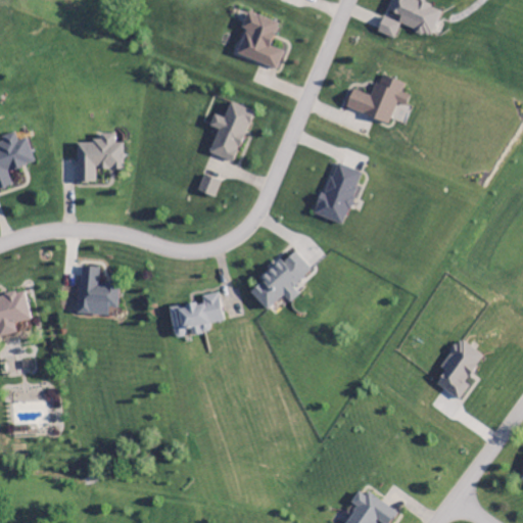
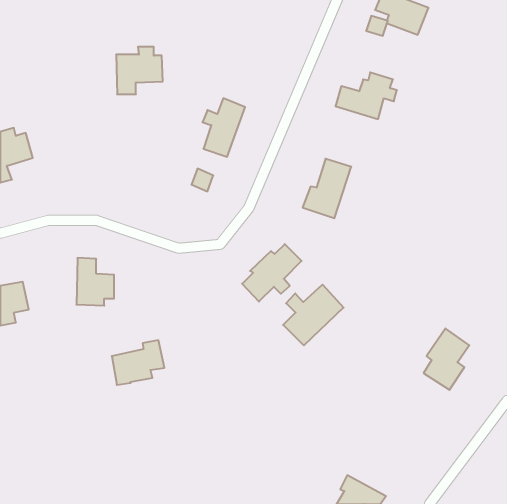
building: [236,10,282,68] -> none
building: [76,133,124,182] -> [116,47,163,94]
building: [169,292,223,338] -> [112,340,164,385]
building: none -> [283,285,344,345]

